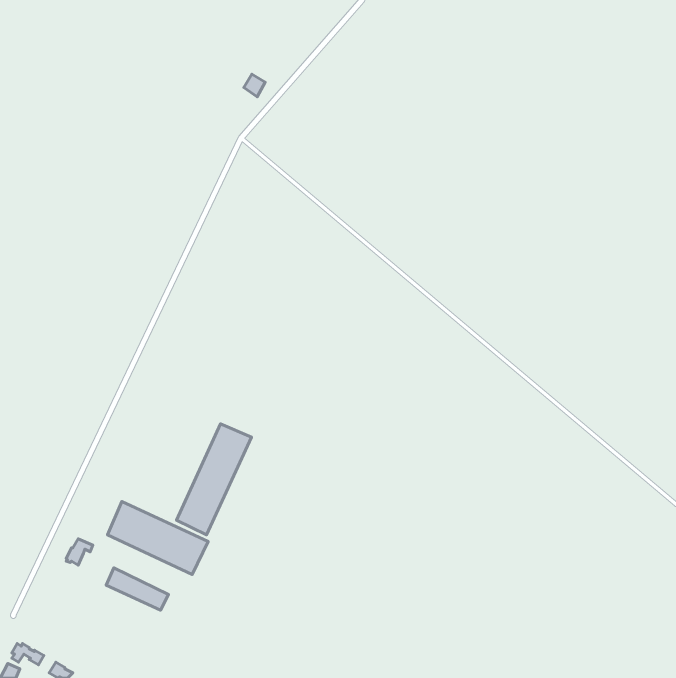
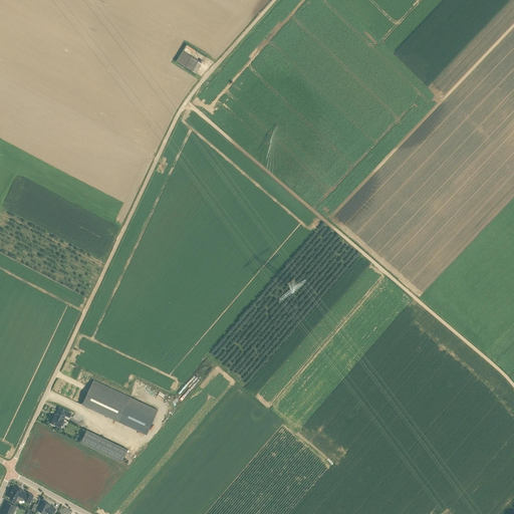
building: [177,424,252,535] -> none

